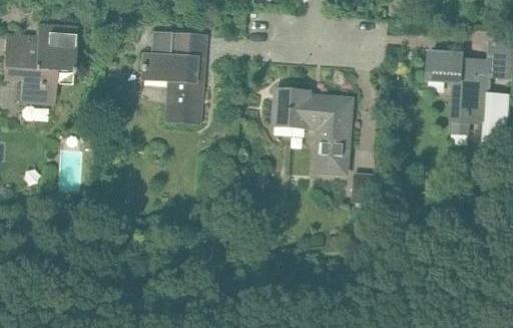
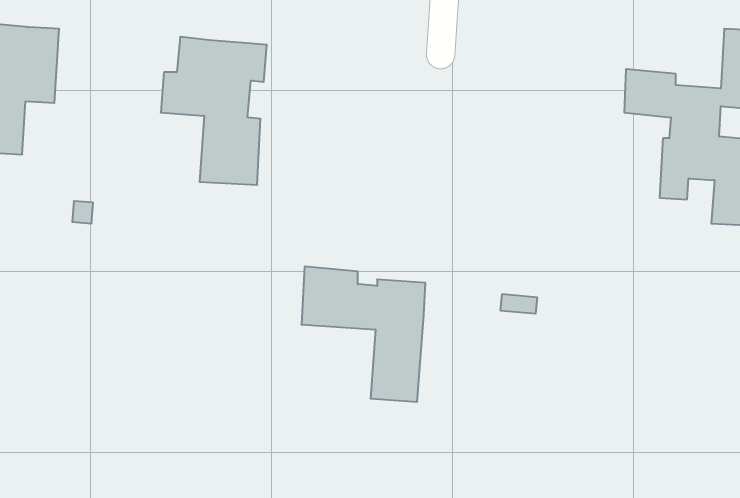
building: [275,88,352,173] -> [301,267,425,402]

